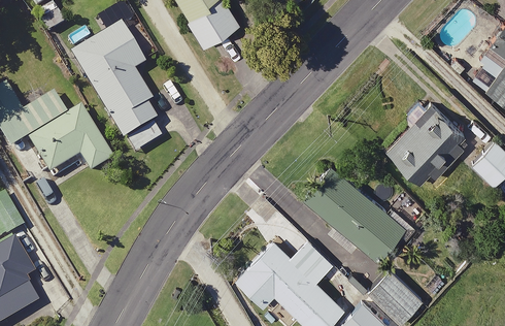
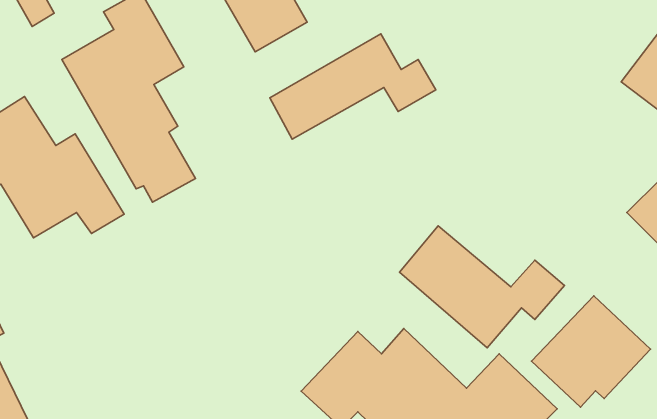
building: none -> [270,34,436,139]
building: [377,101,460,178] -> [531,296,650,407]

